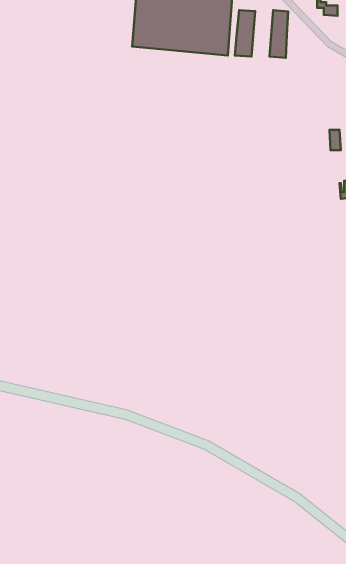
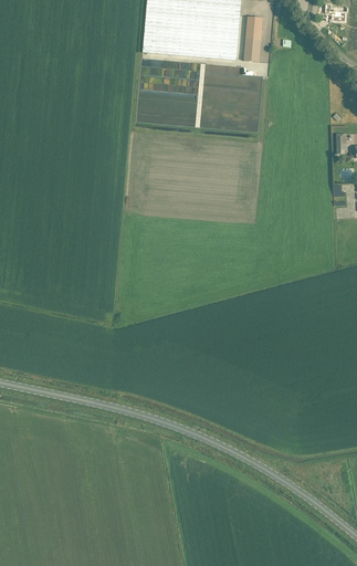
building: [270,10,288,58] -> none

